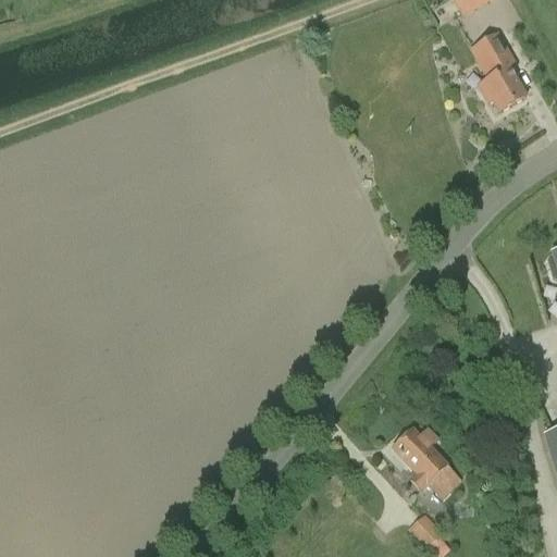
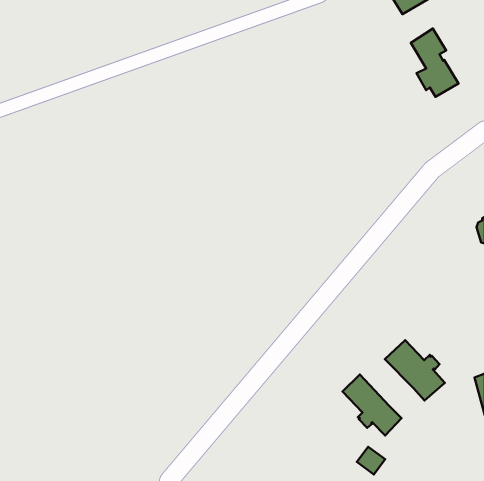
building: none -> [385,340,445,401]

